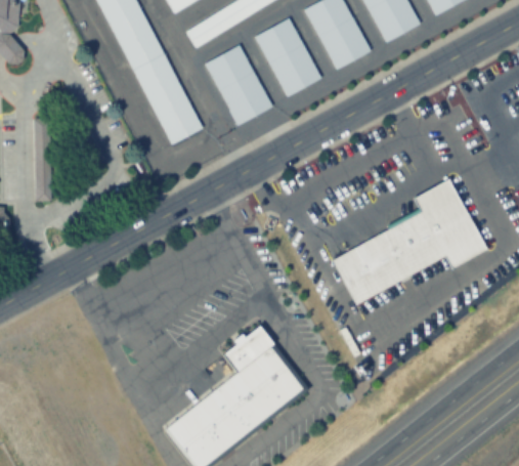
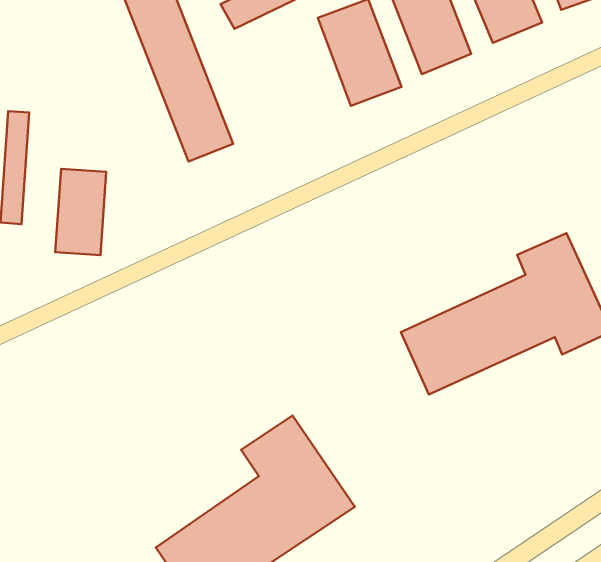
building: [207,45,271,125] -> none
building: none -> [55,169,106,255]

